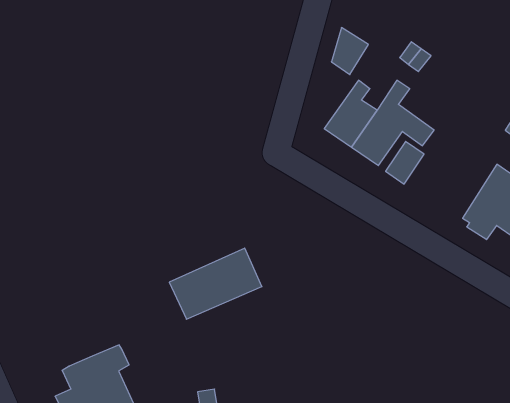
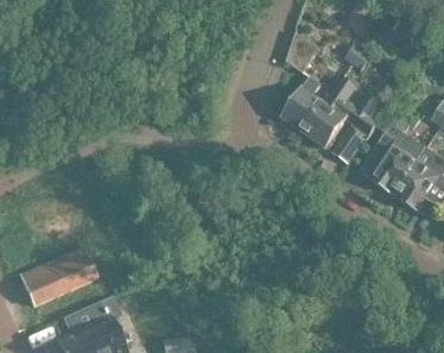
building: none -> [359,114,425,190]
building: [169,248,262,319] -> [19,246,96,305]

